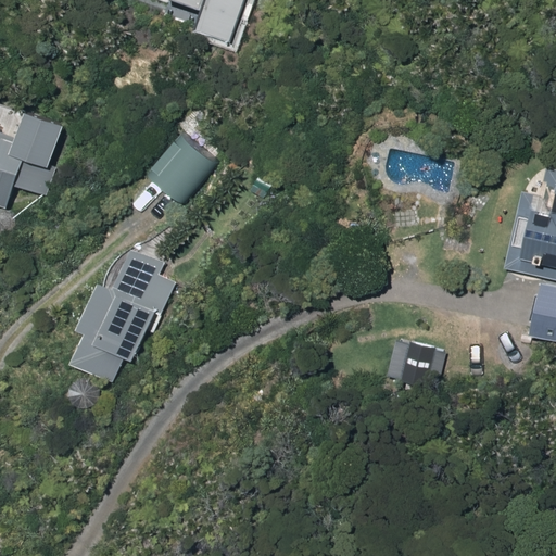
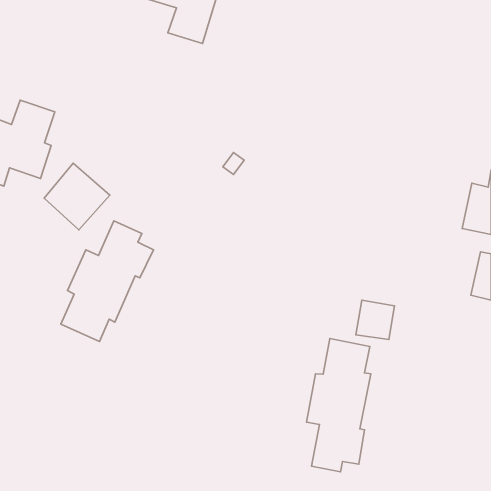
building: [144,129,218,204] -> [44,163,110,230]
building: none -> [306,338,371,472]

